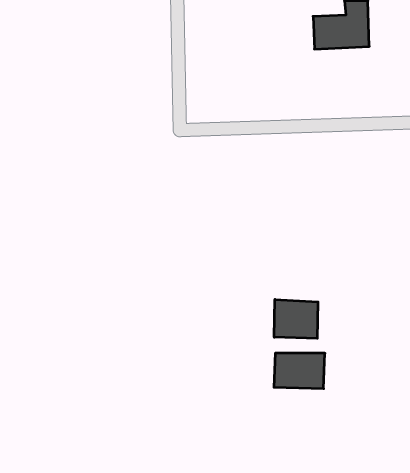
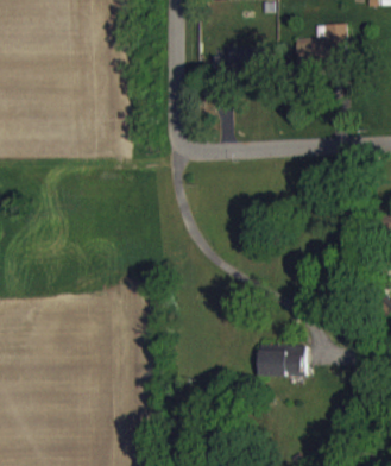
building: [274,299,318,338] -> none

